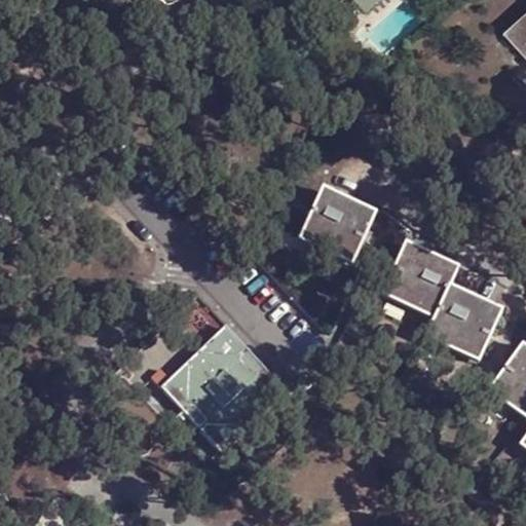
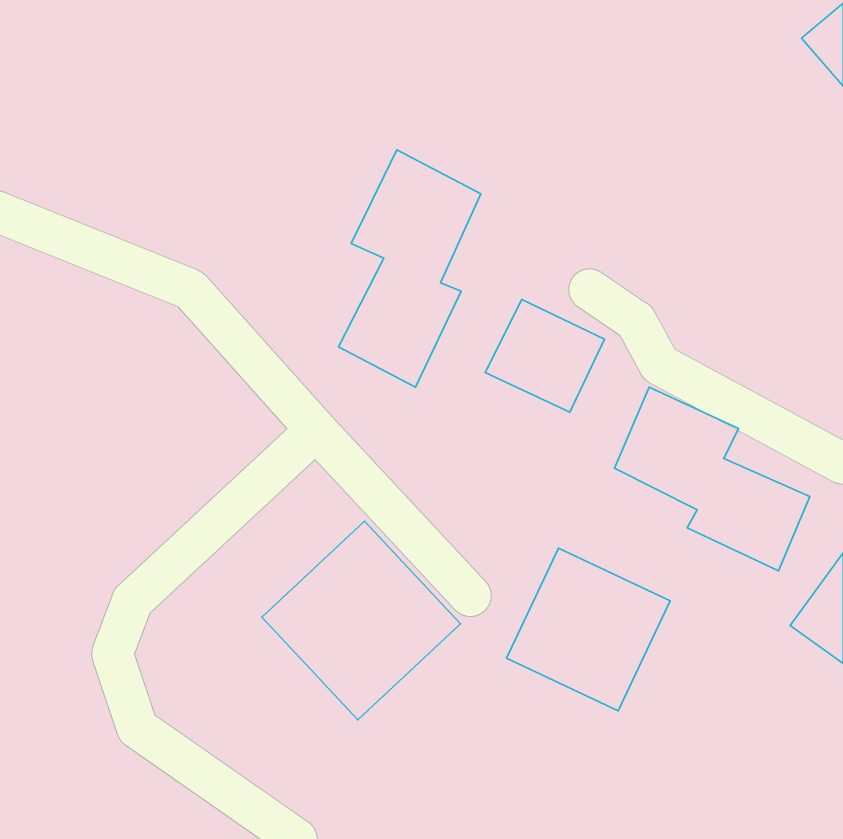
building: none -> [339,150,481,387]
building: none -> [507,548,670,711]

